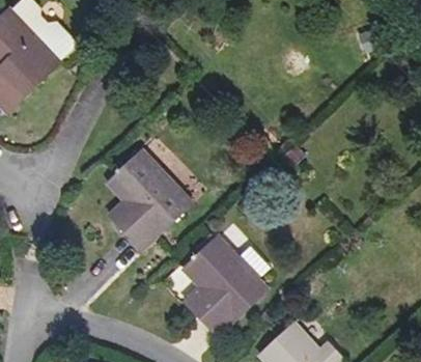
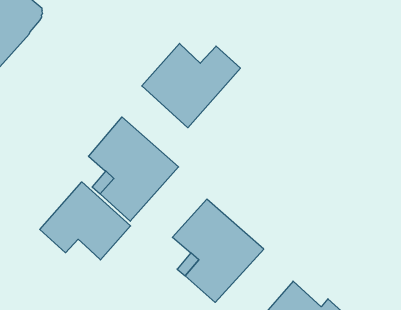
building: none -> [142,43,240,128]
building: none -> [40,182,131,260]

